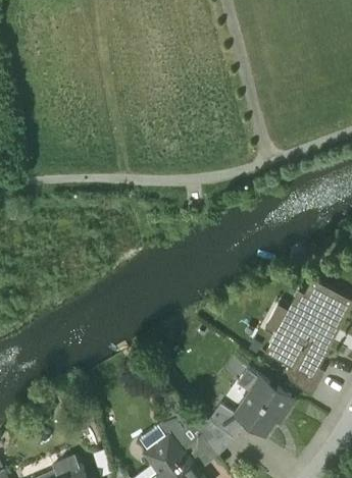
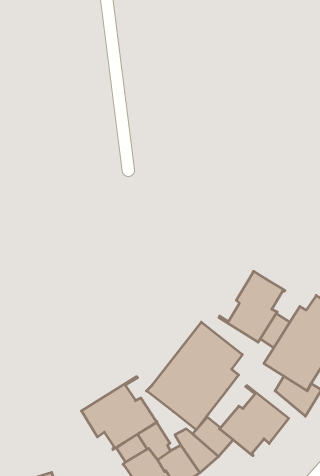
building: none -> [219,271,285,342]
building: none -> [146,322,242,430]
building: none -> [81,377,157,450]

